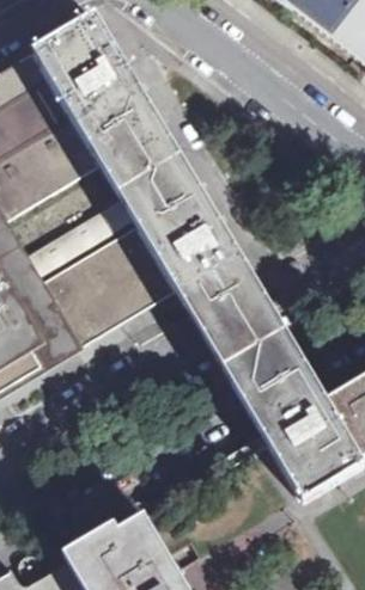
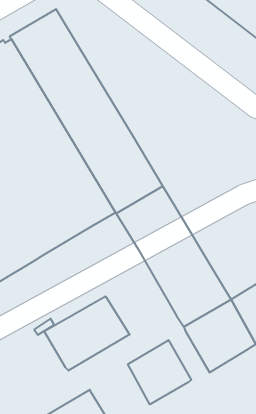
building: none -> [44,296,130,371]
building: none -> [128,340,191,404]

